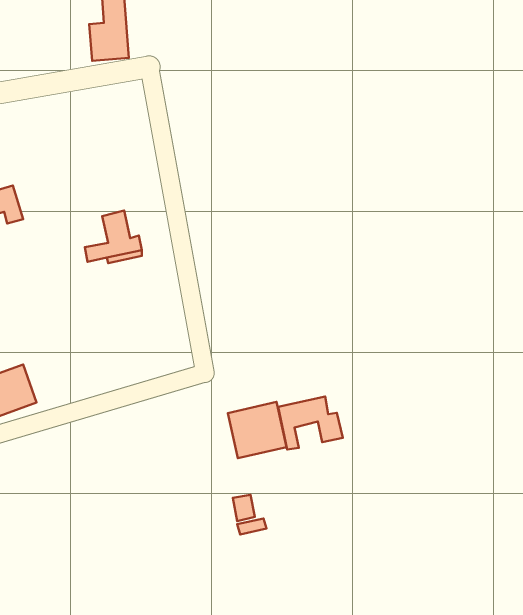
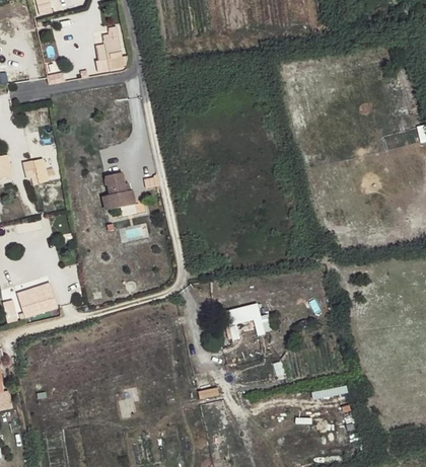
building: [228,402,287,458] -> none

